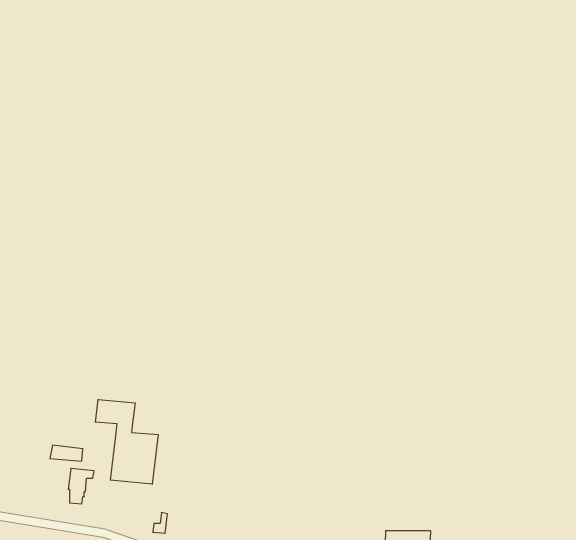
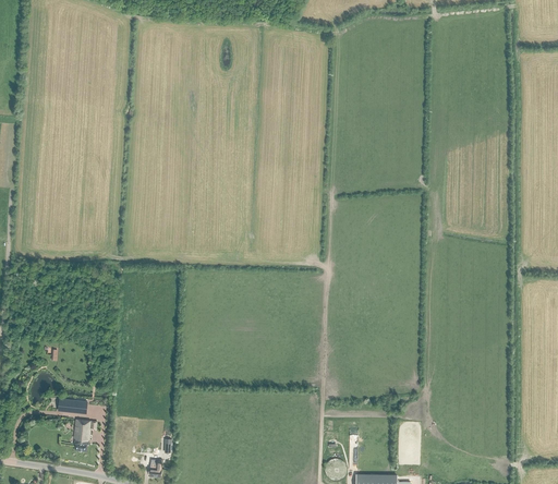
building: [96,399,158,484] -> none

